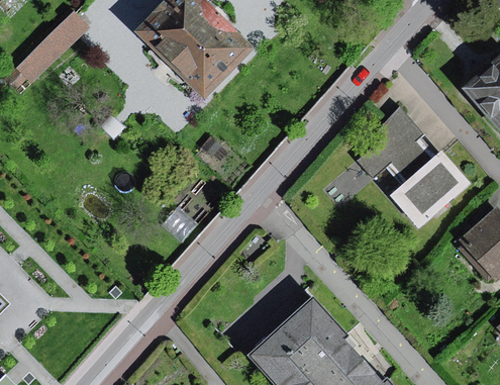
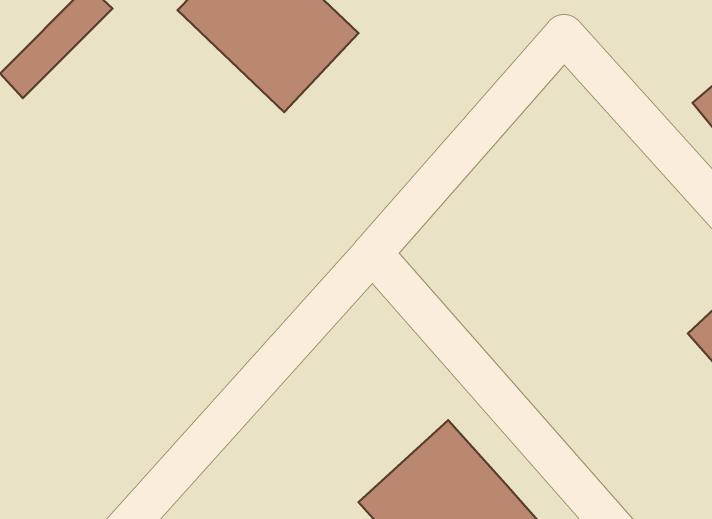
building: [357,108,474,229] -> none

